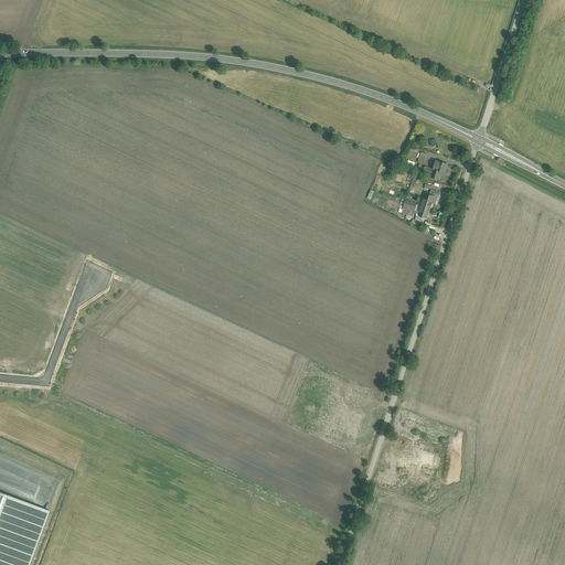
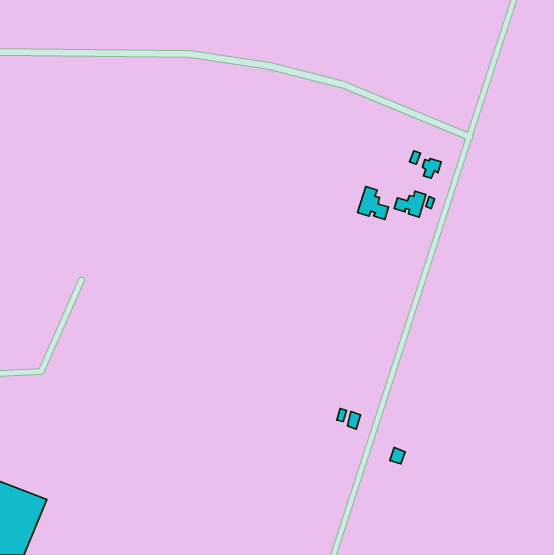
building: none -> [358,187,389,219]

